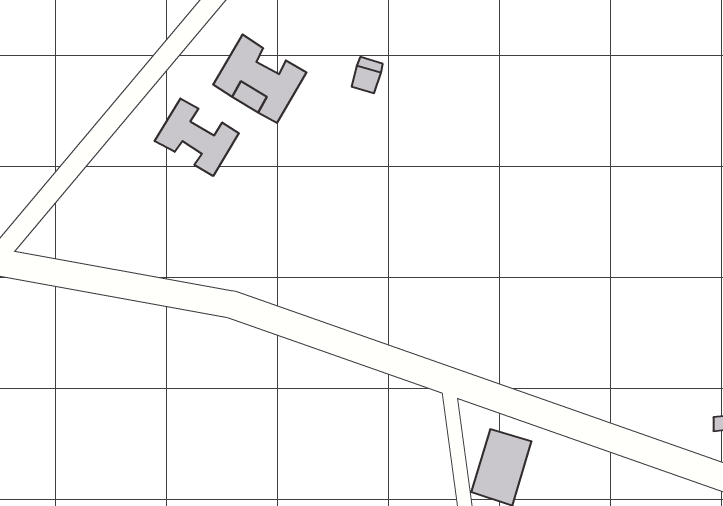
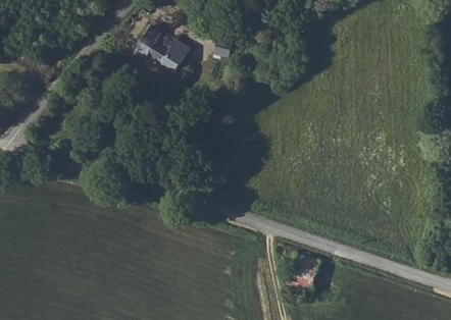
building: [155,98,239,176] -> none

